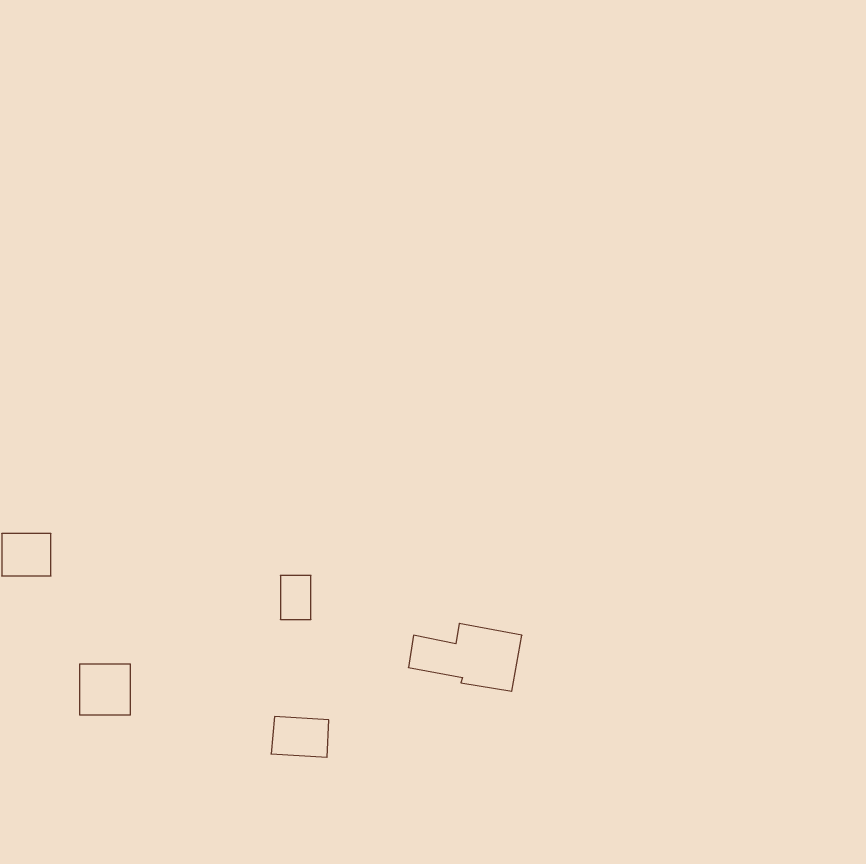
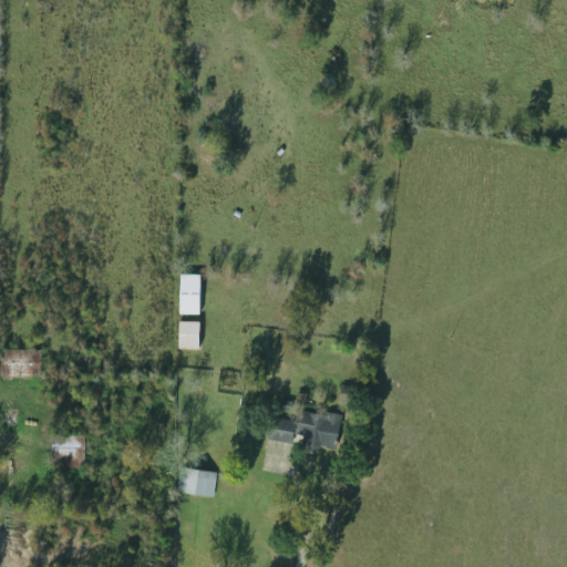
building: none -> [181,275,200,315]
building: [280,575,311,619] -> [179,321,199,350]

